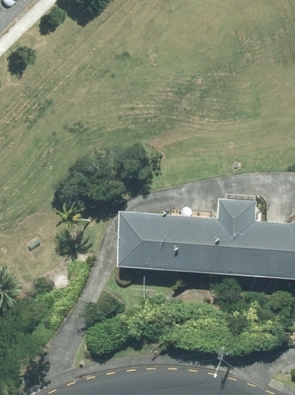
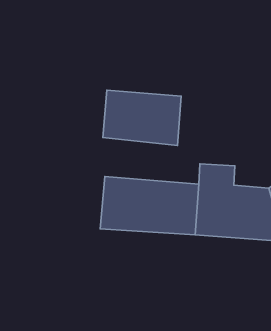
building: none -> [103,90,181,145]

